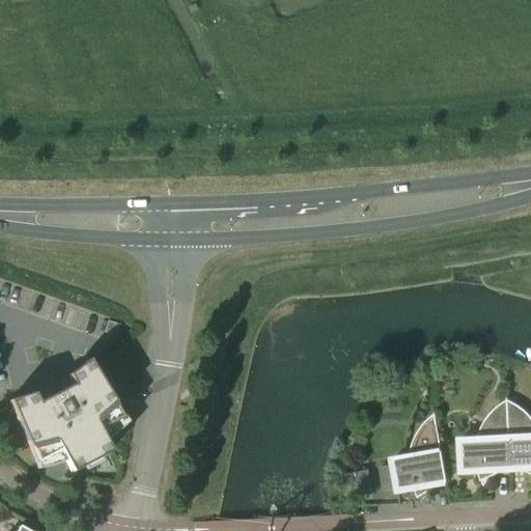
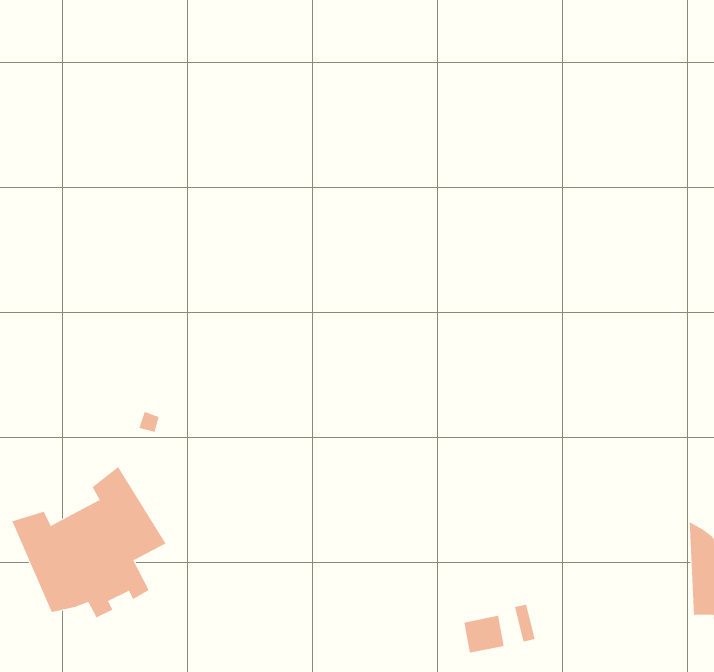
building: [460,397,511,480] -> none
building: [393,412,448,497] -> none

